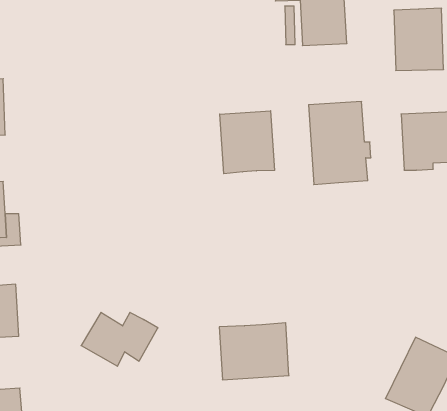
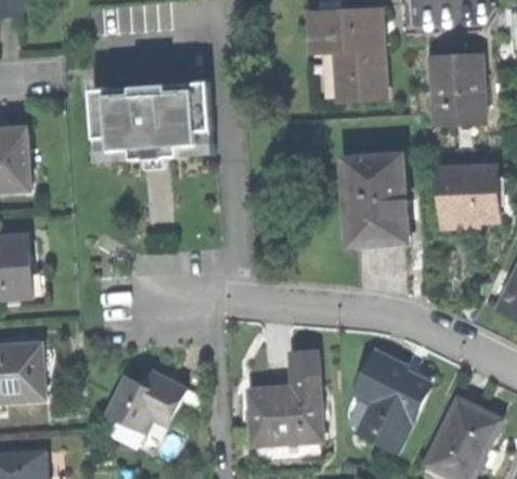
building: none -> [89,81,211,159]
building: [220,111,275,174] -> none
building: none -> [293,349,320,387]
building: none -> [356,350,430,450]

